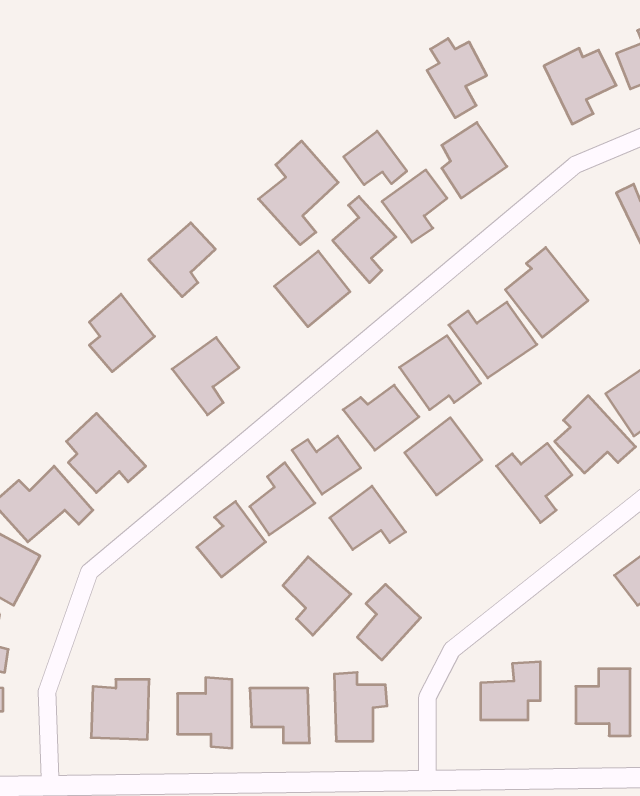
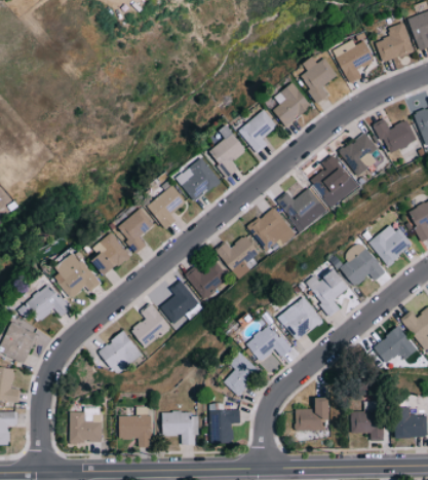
building: [427,38,487,118] -> [300,57,335,103]
building: [344,131,407,185] -> none
building: [258,141,338,245] -> none
building: none -> [339,133,379,176]
building: [149,223,215,297] -> [147,185,186,228]
building: [89,294,155,372] -> [92,231,130,276]
building: [405,418,482,495] -> [278,296,323,341]
building: [330,486,406,550] -> [246,324,290,361]
building: none -> [98,330,143,375]
building: [283,557,351,635] -> none

